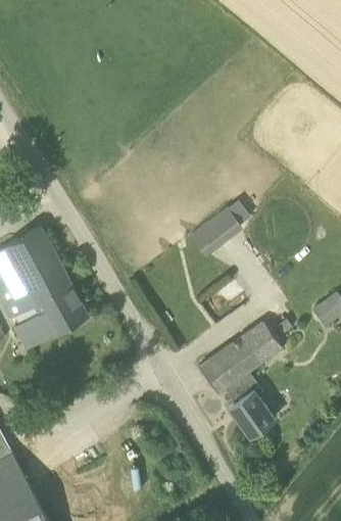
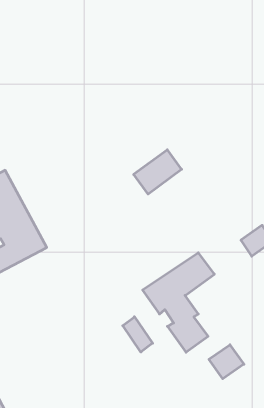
building: none -> [123,317,153,352]
building: none -> [209,345,244,379]

